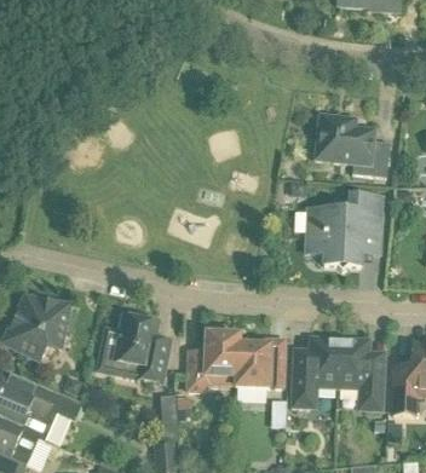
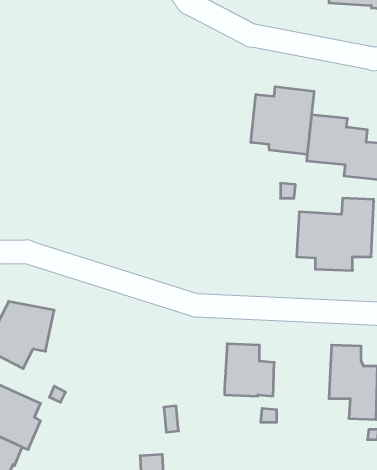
building: none -> [251,87,314,154]
building: [96,316,171,382] -> none
building: [188,333,238,391] -> none
building: [292,336,340,408] -> none

